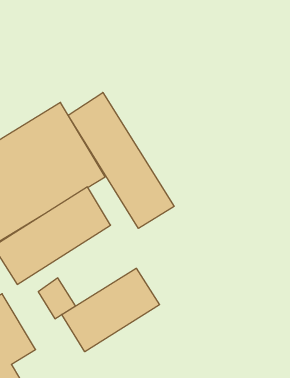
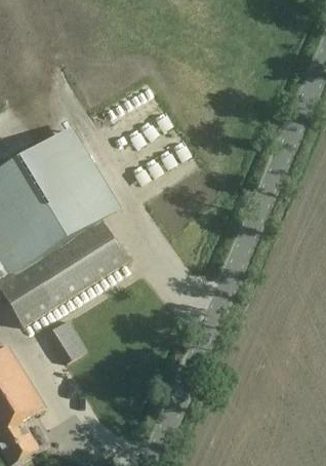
building: [68,92,174,228] -> none
building: [62,268,160,352] -> none

